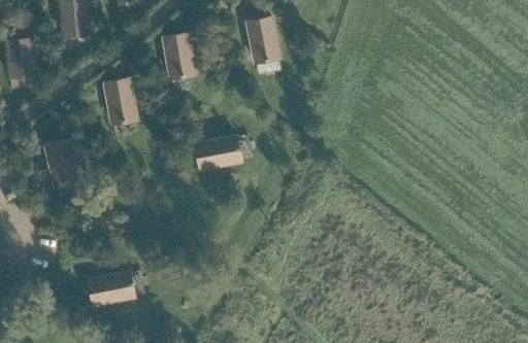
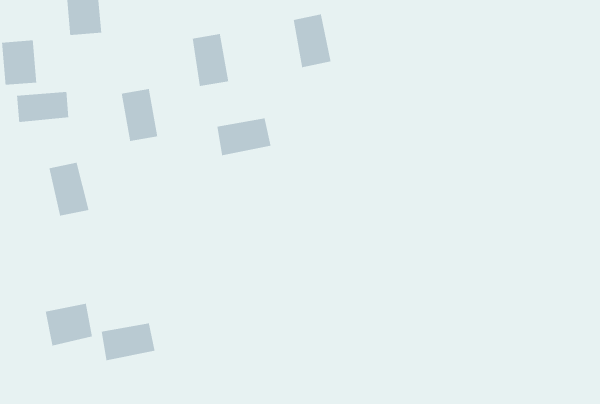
building: none -> [16,91,69,123]
building: [196,138,241,170] -> [217,118,272,156]
building: none -> [45,303,93,346]

